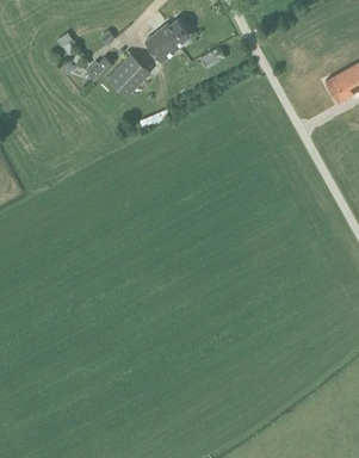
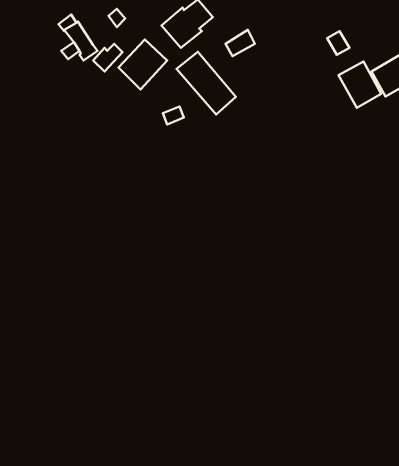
building: none -> [177,52,236,114]
building: none -> [338,62,381,108]

